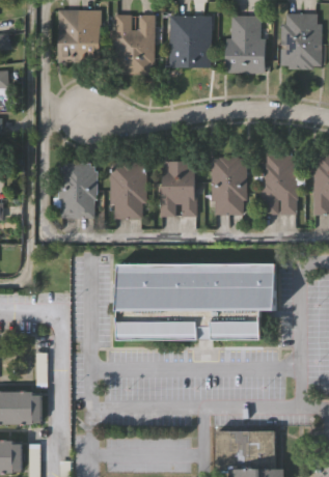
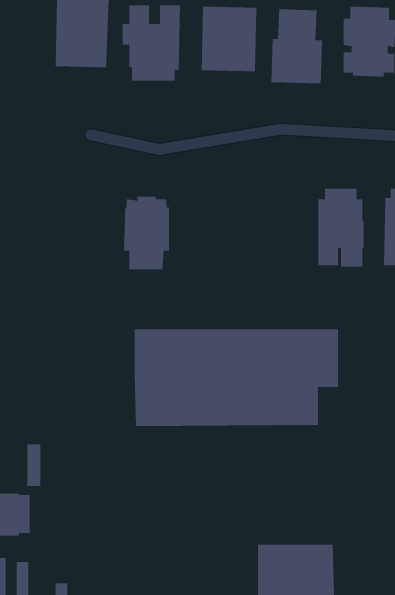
building: [211,159,246,217] -> none
building: [160,163,197,218] -> none
building: [59,164,99,218] -> none

